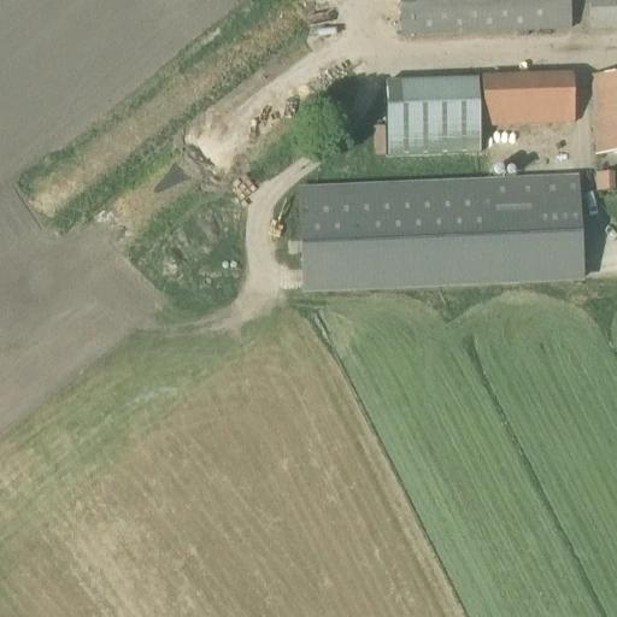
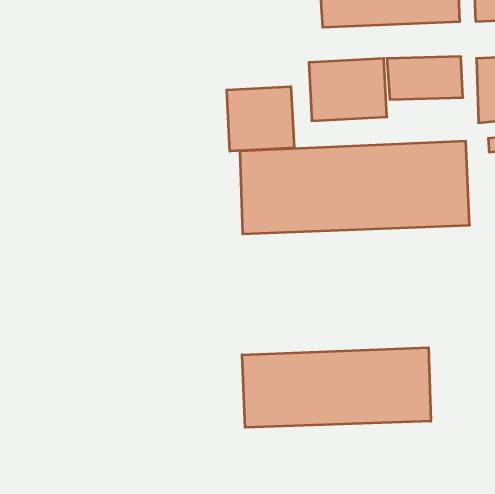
building: none -> [227,87,294,151]
building: none -> [242,348,431,427]

